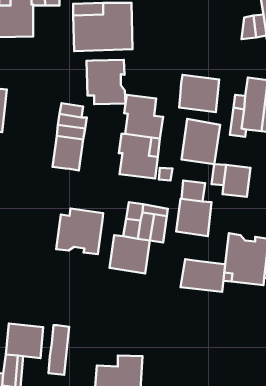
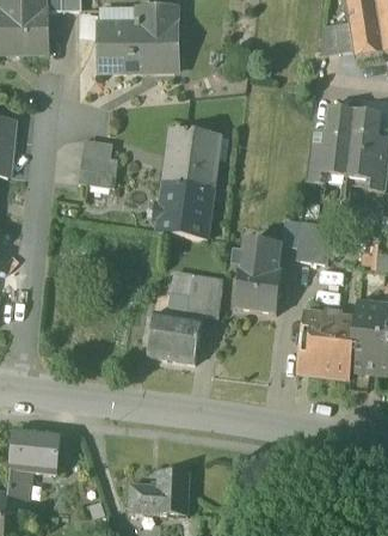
building: [87,60,126,104] -> none
building: [179,75,219,112] -> none
building: [182,119,220,164] -> none
building: [52,136,83,170] -> none
building: [56,209,103,254] -> none
building: [181,259,225,292] -> none
building: [48,325,69,375] -> none

